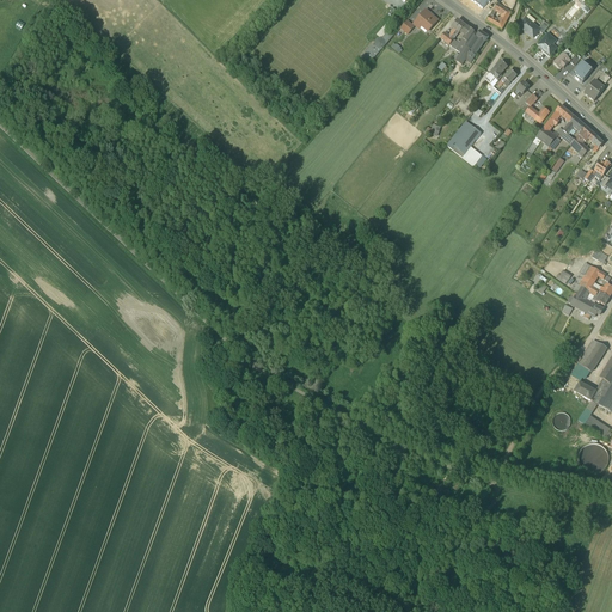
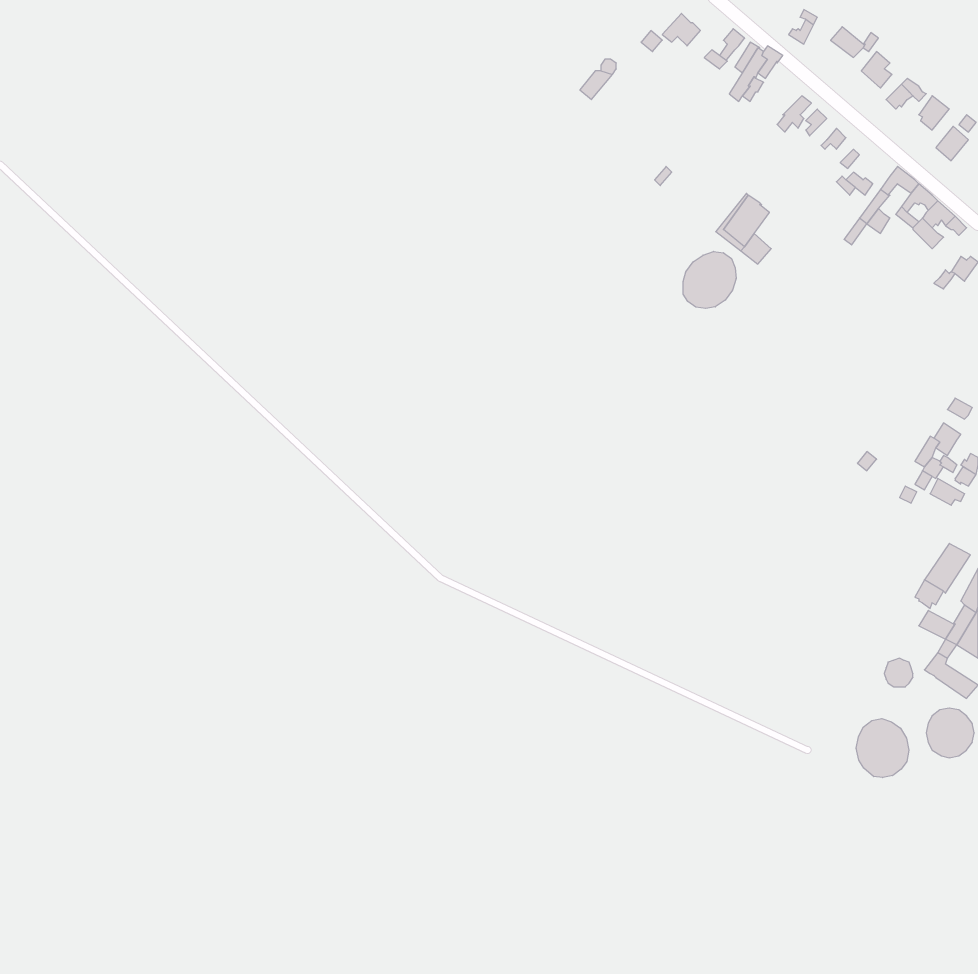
building: none -> [683,251,736,308]
building: none -> [856,719,909,778]

